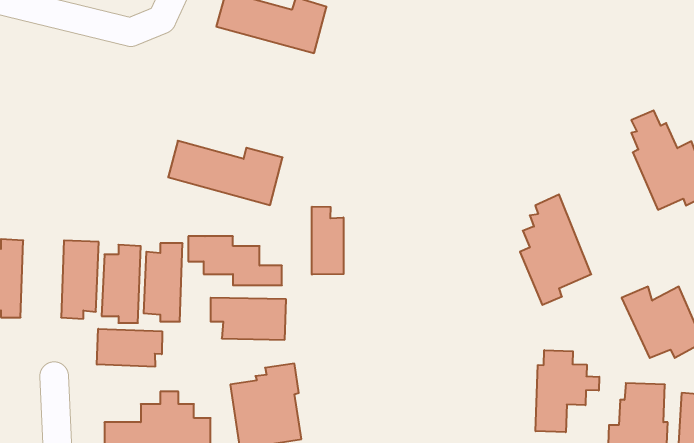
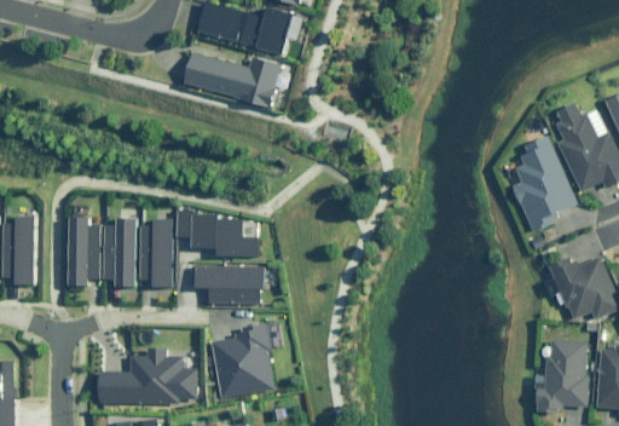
building: [168,141,283,205] -> [186,51,285,106]
building: [520,194,591,305] -> [515,137,577,232]
building: [312,207,344,275] -> none
building: [97,329,162,367] -> none
building: [536,350,599,432] -> none

